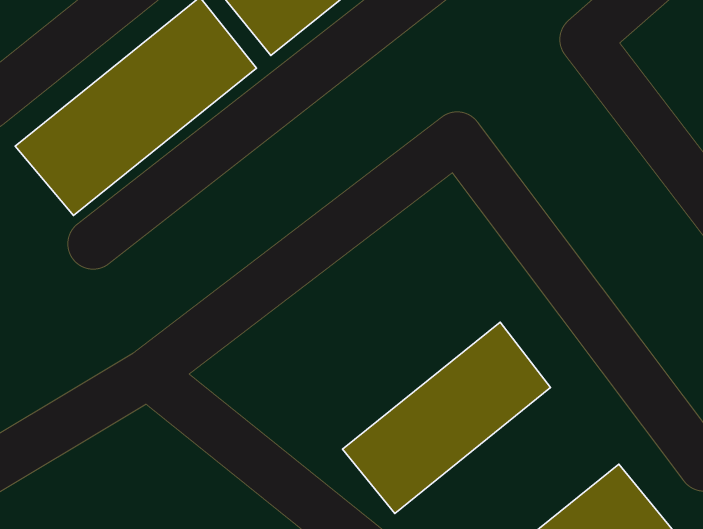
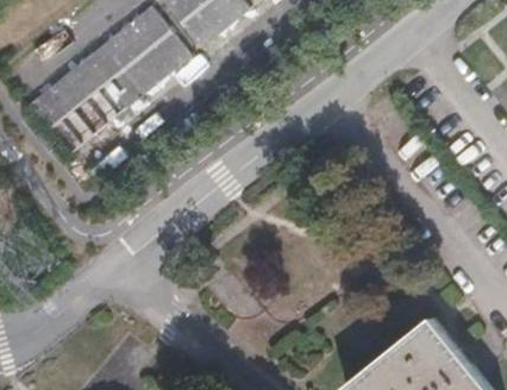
building: [342,322,551,513] -> none

